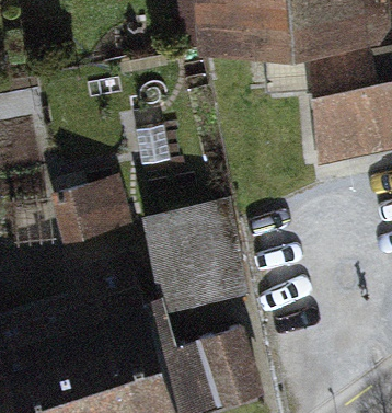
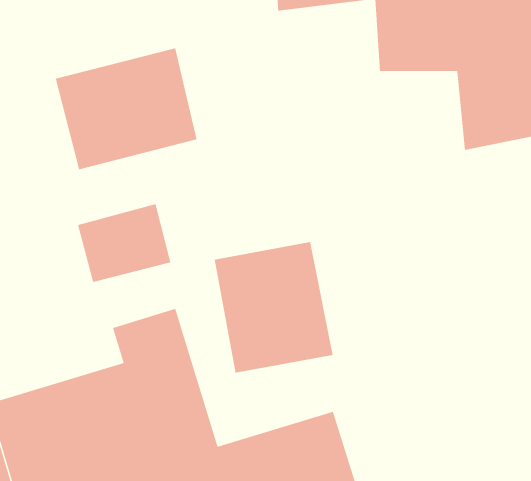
building: none -> [55,47,197,170]

